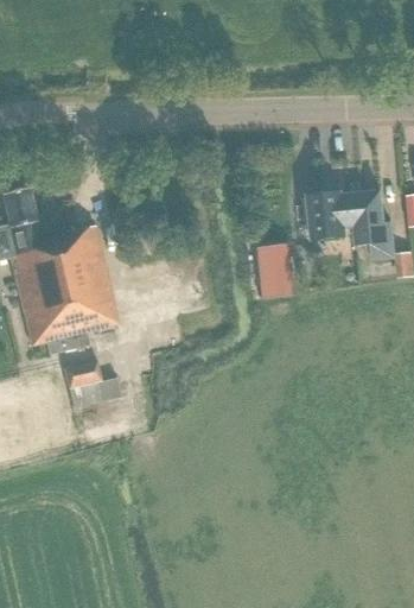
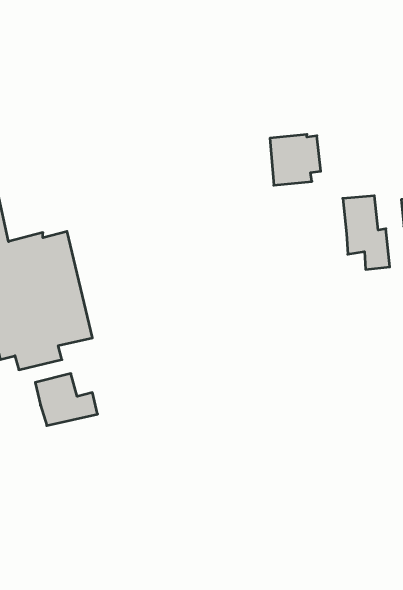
building: [307,192,355,240] -> [270,134,321,185]
building: [256,243,294,298] -> none

